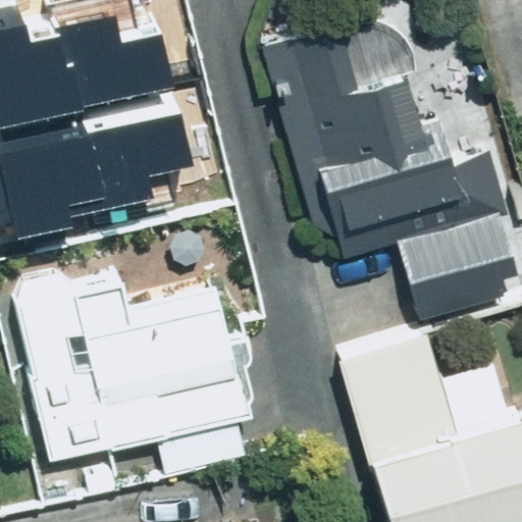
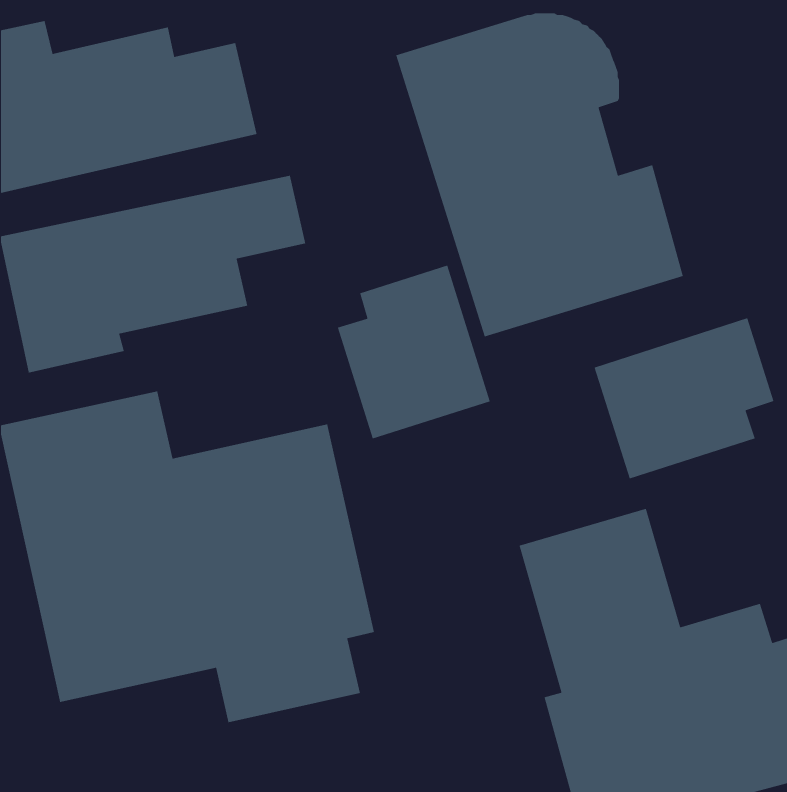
building: none -> [337,264,491,440]

